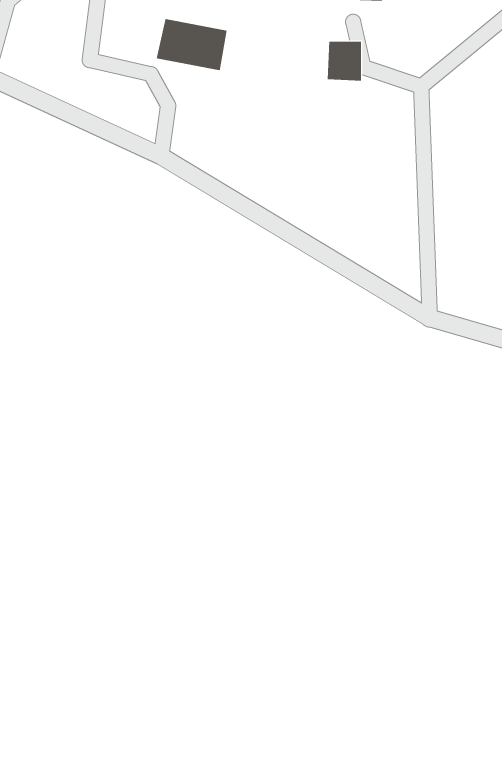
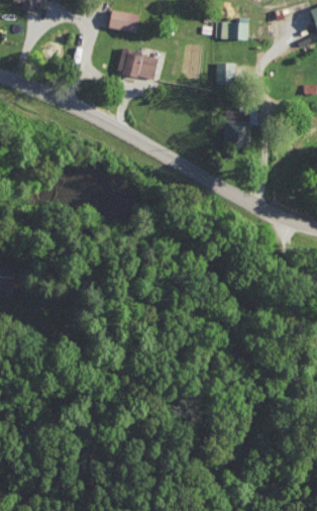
building: none -> [224,111,250,145]

